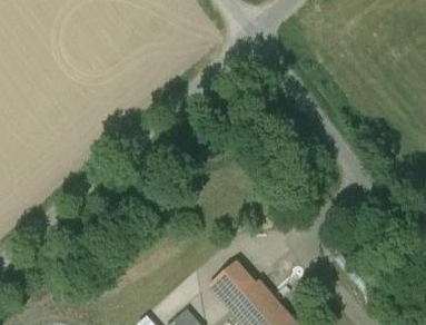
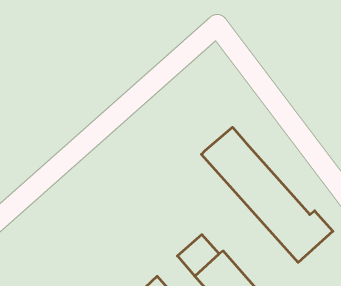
building: none -> [201,127,333,262]

